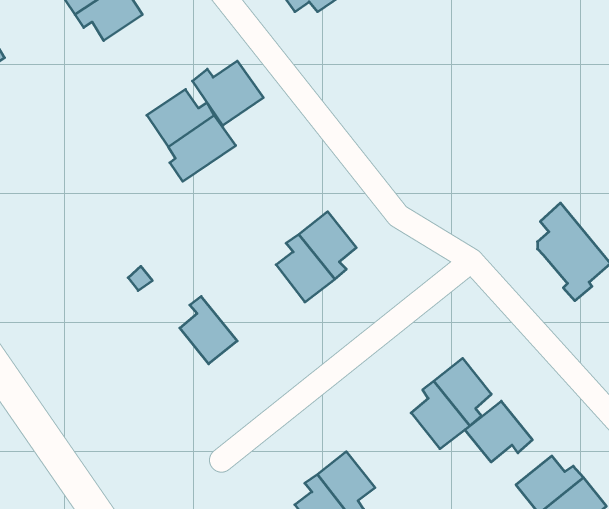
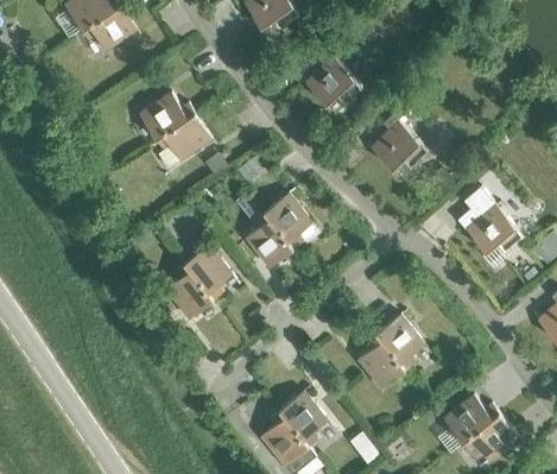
building: none -> [304,49,361,105]
building: [192,61,263,126] -> none
building: none -> [369,114,426,169]
building: none -> [183,244,232,299]
building: [465,401,532,462] -> none

